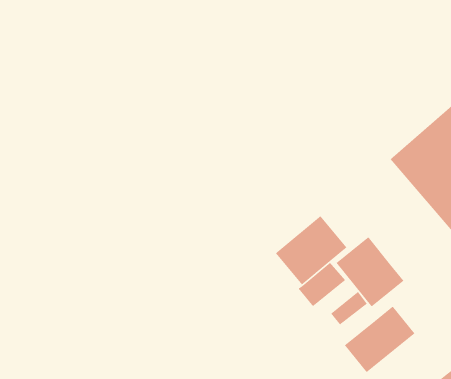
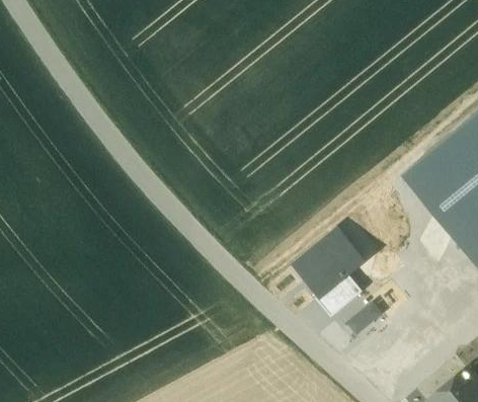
building: [336,236,405,308] -> none
building: [344,305,416,373] -> none

